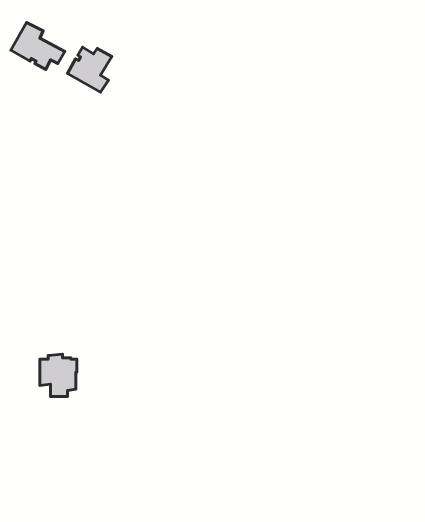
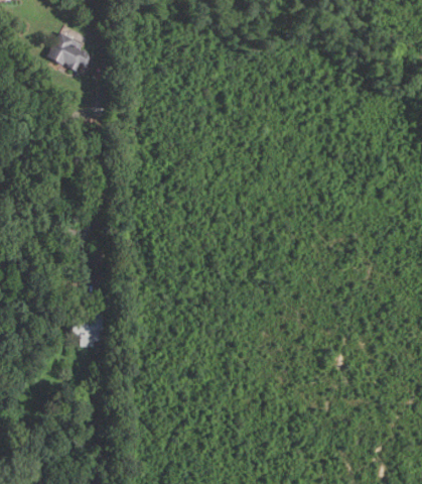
building: [67,47,112,92] -> none

